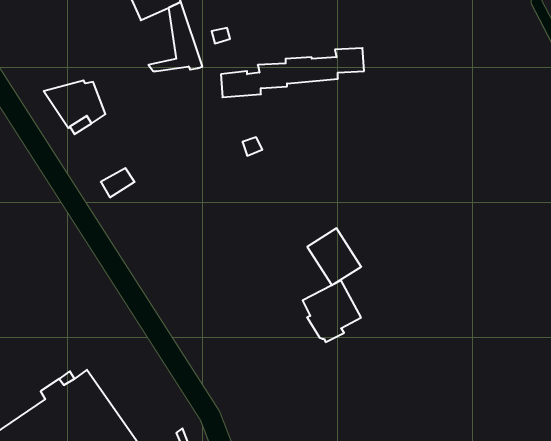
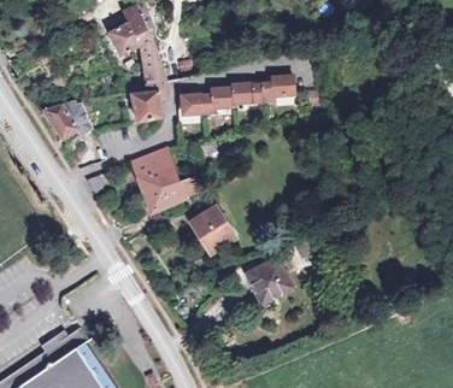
building: none -> [131,89,165,122]
building: none -> [129,152,195,212]
building: [307,228,361,285] -> [192,206,234,251]

